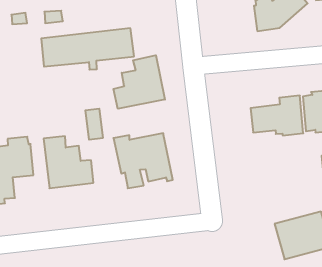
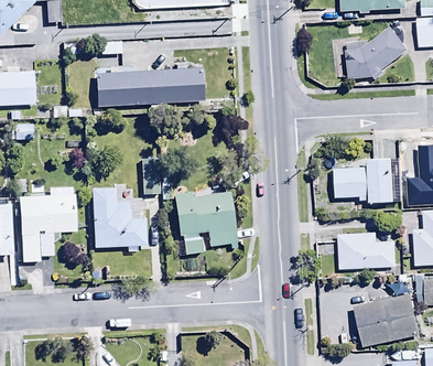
building: [113,55,165,109] -> none
building: none -> [338,232,397,268]

